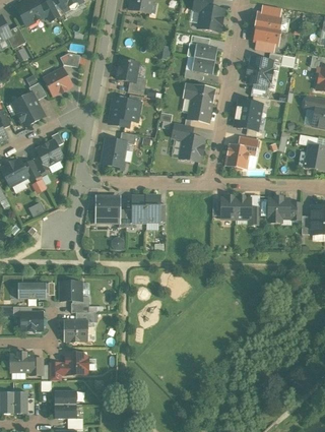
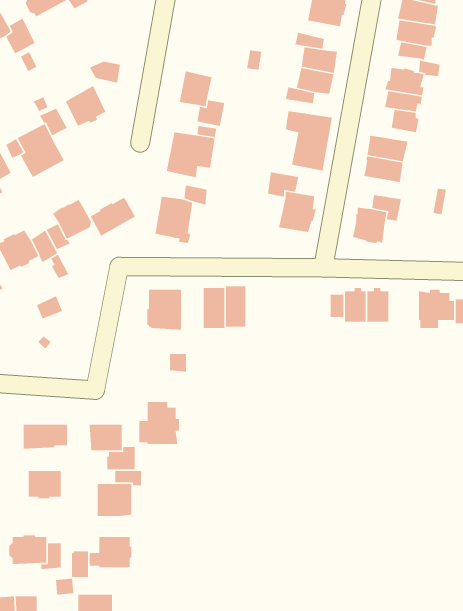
building: none -> [89,196,136,237]
building: none -> [139,401,180,445]

